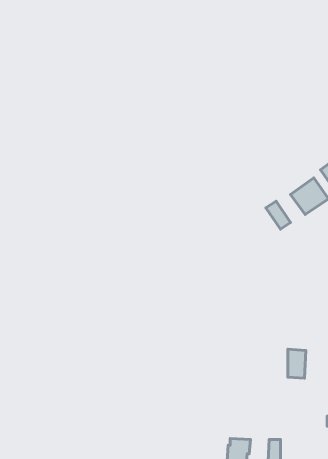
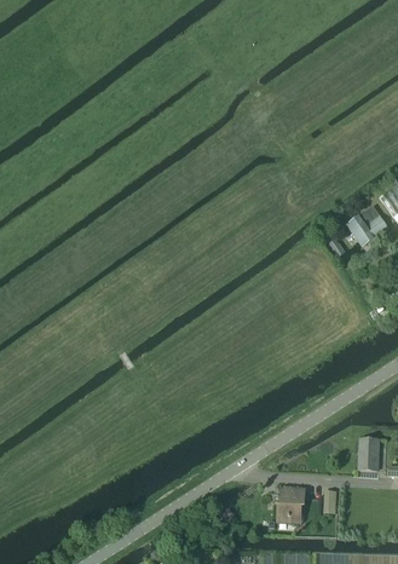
building: [288,349,306,378] -> [359,437,379,468]

